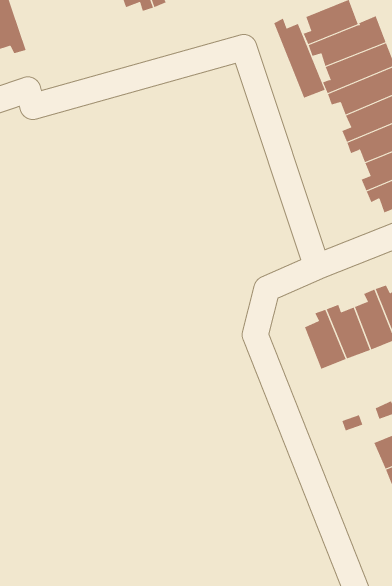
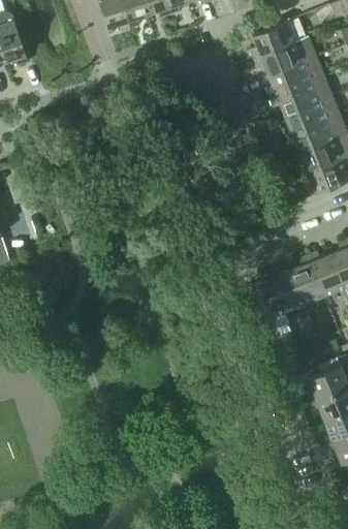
building: [274,18,325,99] -> none

